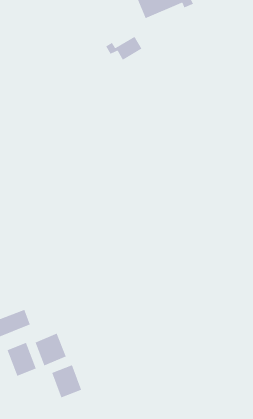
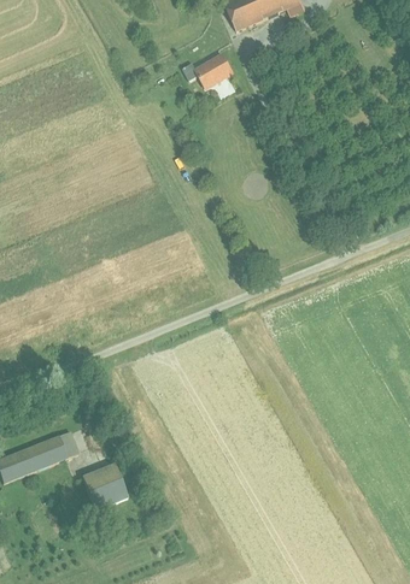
building: [6,342,37,377] -> none
building: [51,364,82,399] -> none

